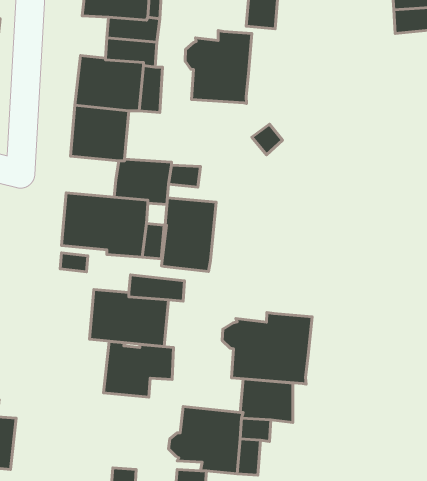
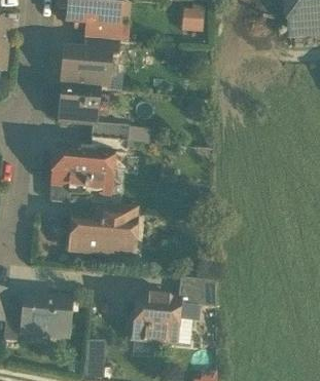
building: [185,30,252,103] -> none
building: [162,198,216,271] -> none
building: [222,312,312,384] -> none
building: [103,342,174,397] -> [22,296,71,335]

